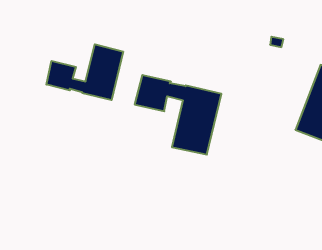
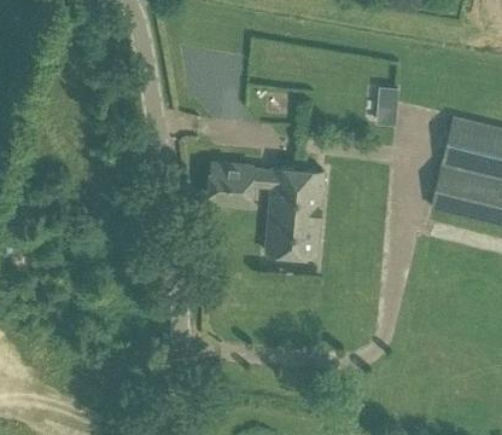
building: [46,44,123,100] -> none

